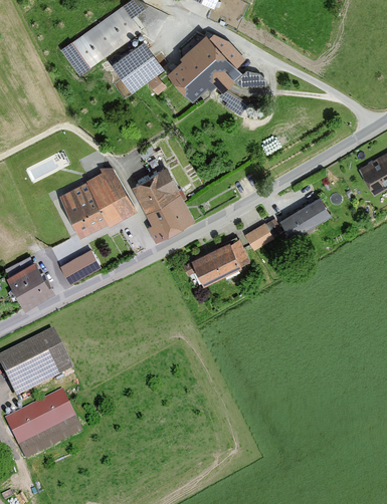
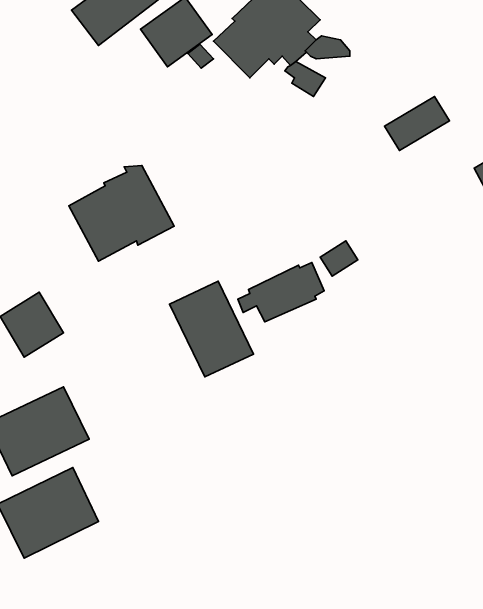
building: [132,168,194,239] -> [170,281,253,377]
building: [281,196,330,236] -> [385,97,449,150]
building: [53,247,101,286] -> none

